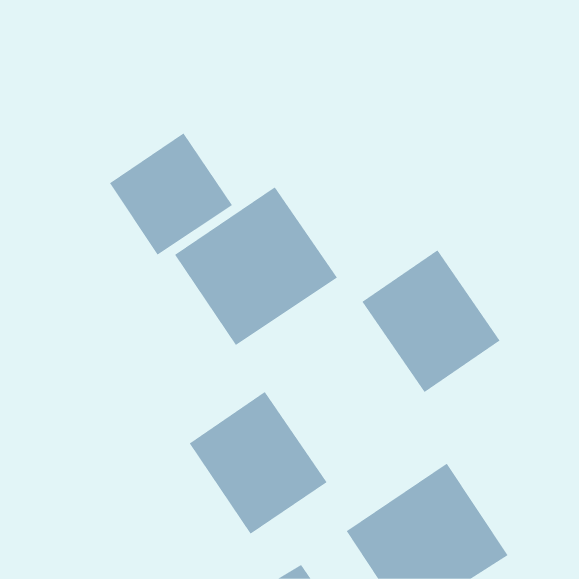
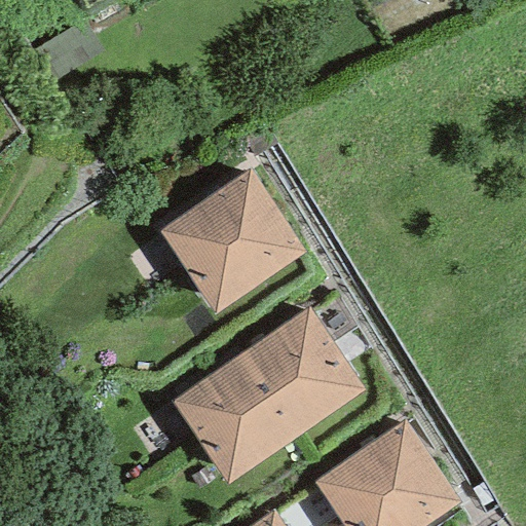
building: [109,133,233,255] -> none
building: [362,249,500,393] -> [241,306,367,436]

